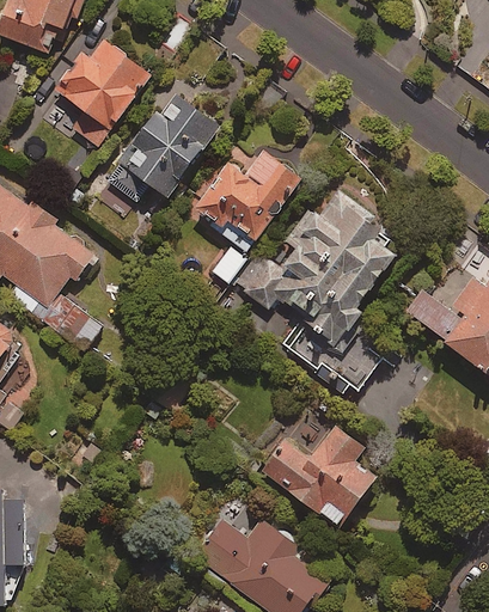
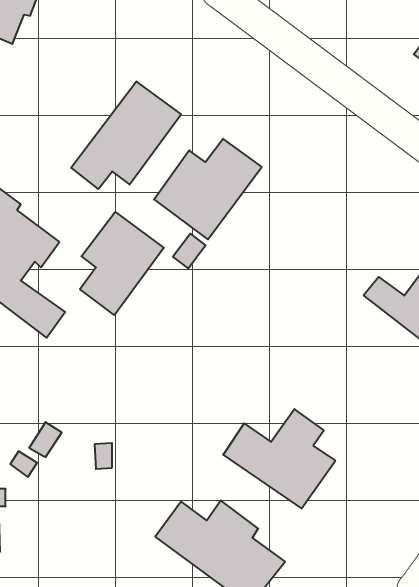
building: [55,38,151,149] -> none
building: [237,191,395,396] -> none
building: none -> [80,212,164,315]

